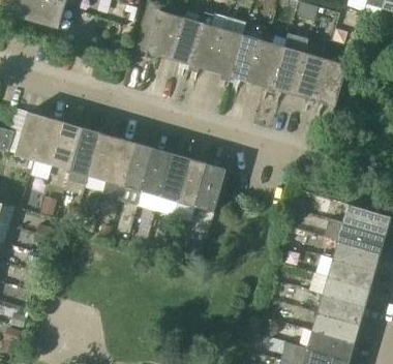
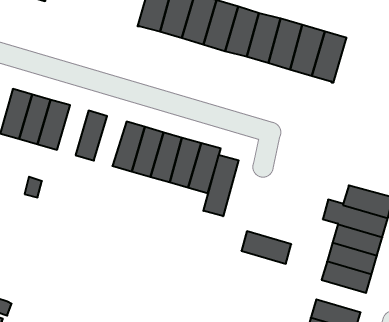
building: [70,128,100,176] -> none
building: [105,139,137,186] -> none
building: none -> [203,155,239,216]
building: [318,295,365,326] -> [241,231,291,264]

